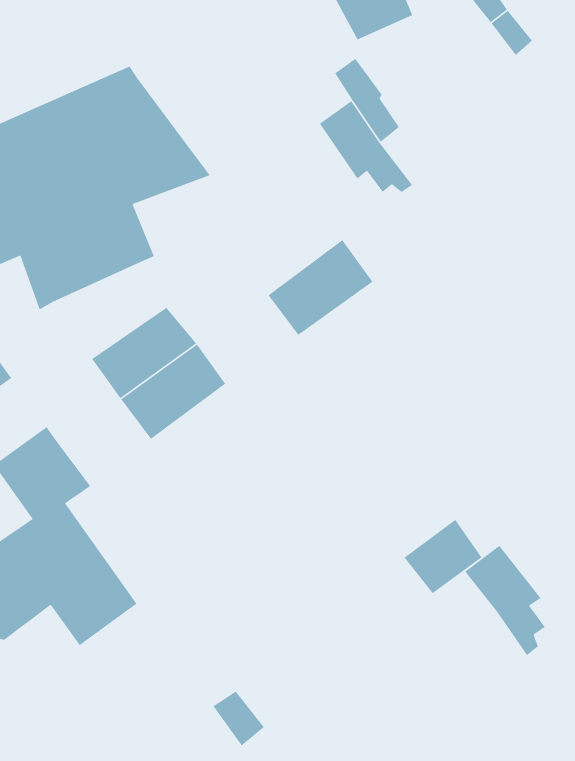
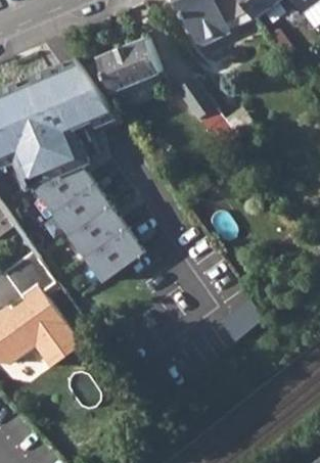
building: none -> [80,40,159,95]
building: [267,239,373,336] -> [87,230,143,281]
building: none -> [35,167,95,217]
building: [464,545,546,656] -> none

